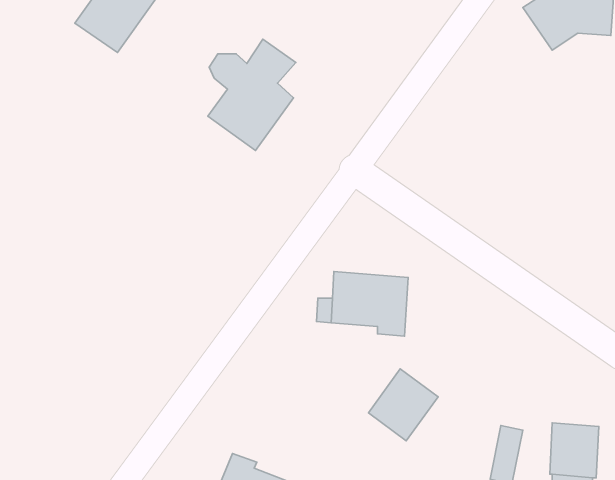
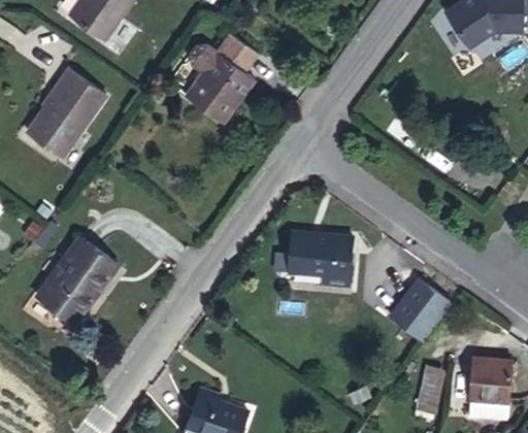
building: none -> [27,75,104,161]
building: none -> [35,241,117,330]
building: [368,369,438,441] -> [391,272,450,333]

